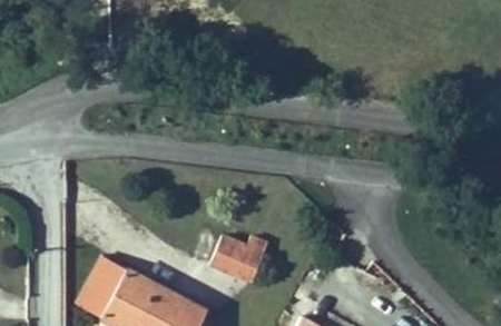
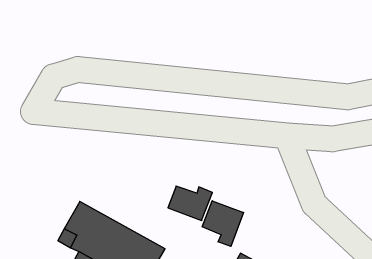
building: none -> [202,201,244,246]

